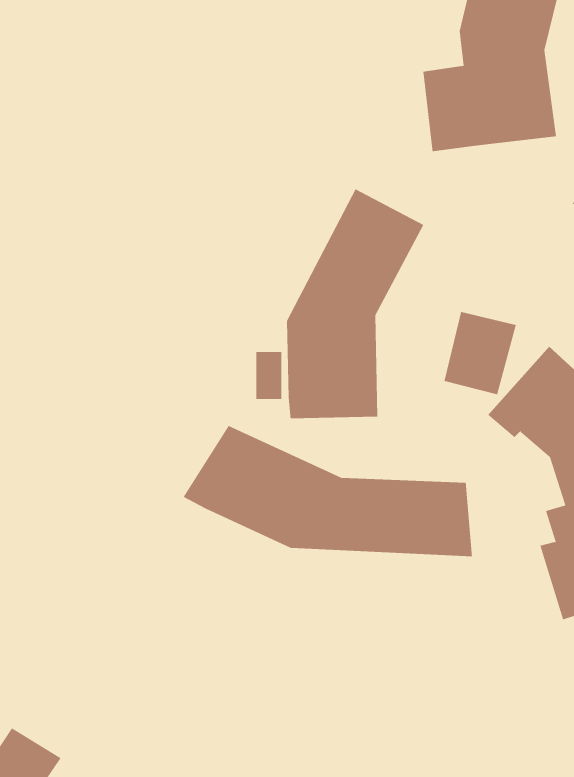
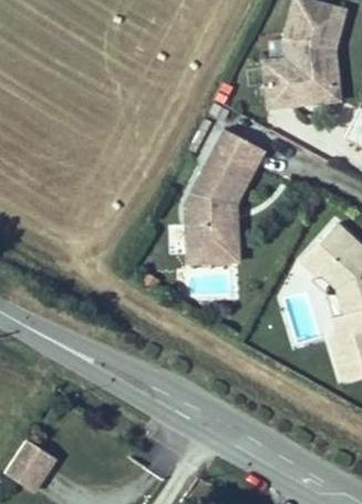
building: [444,311,517,395] -> none
building: [183,425,473,557] -> none

